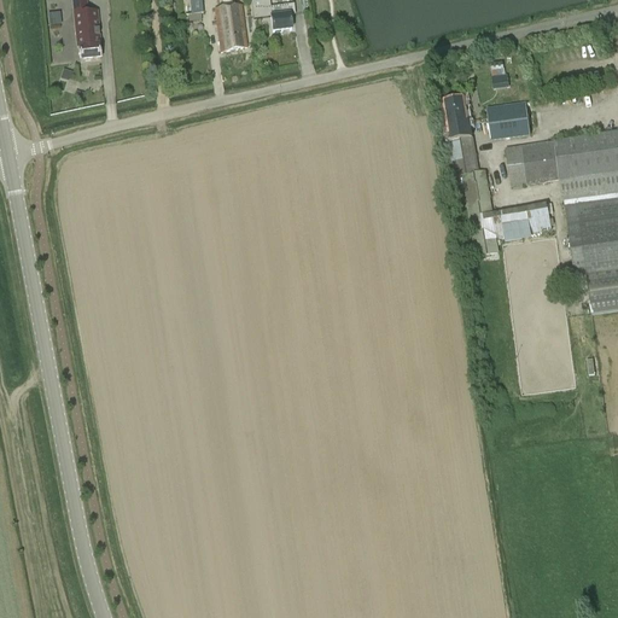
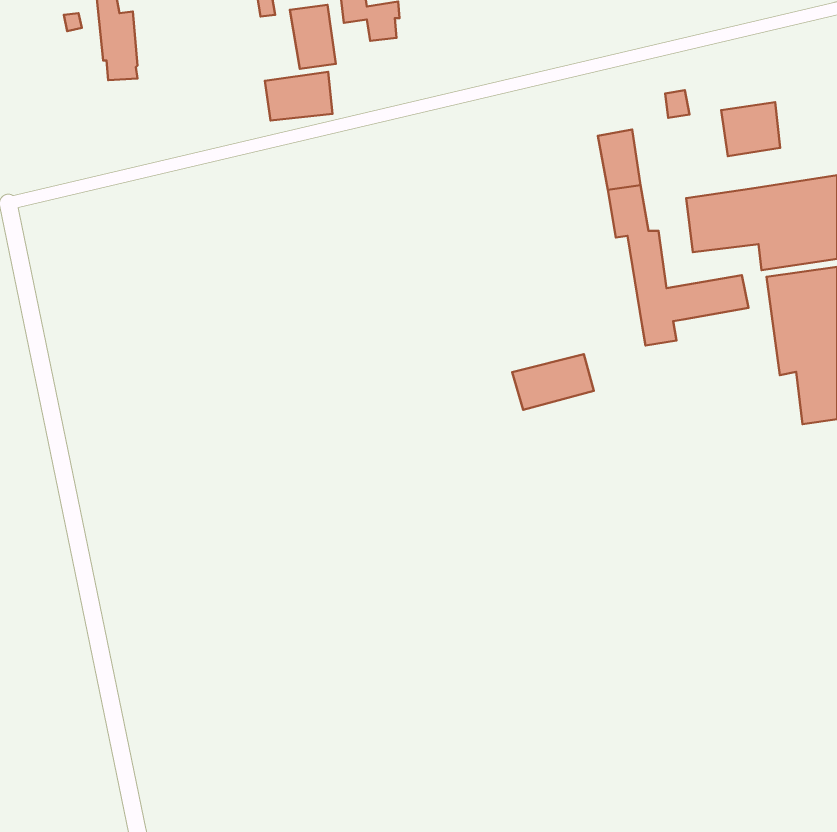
building: none -> [265,72,332,121]
building: [486,100,530,140] -> [721,102,780,156]
building: none -> [512,354,594,410]

